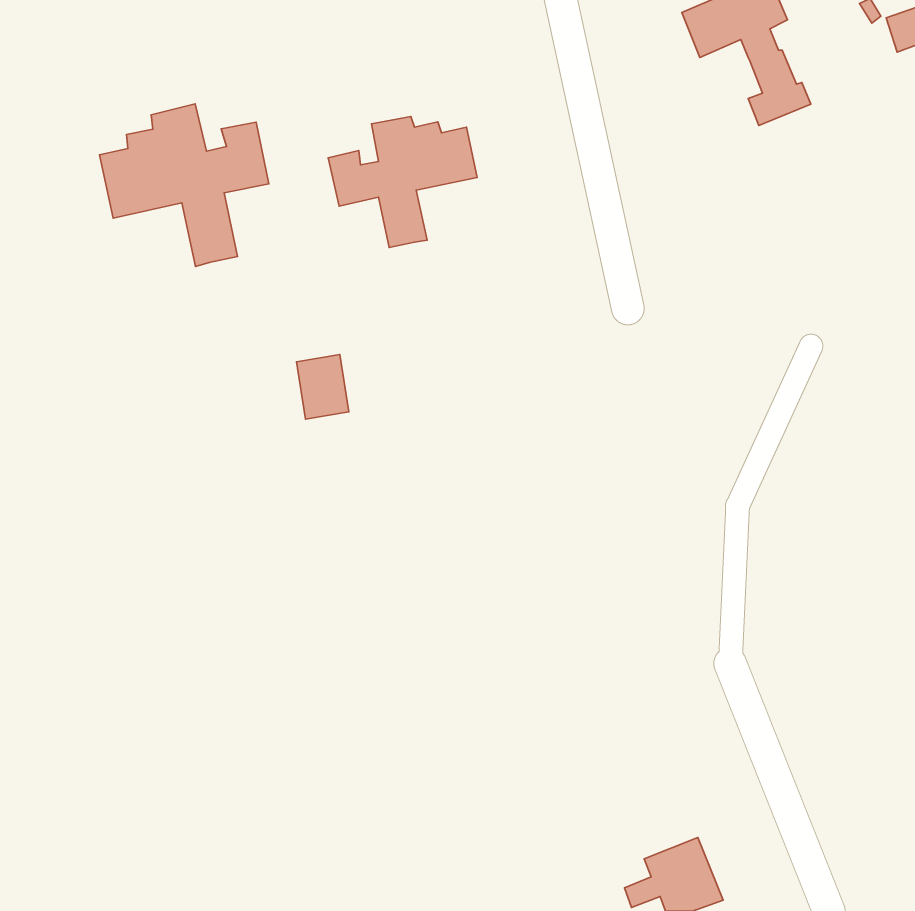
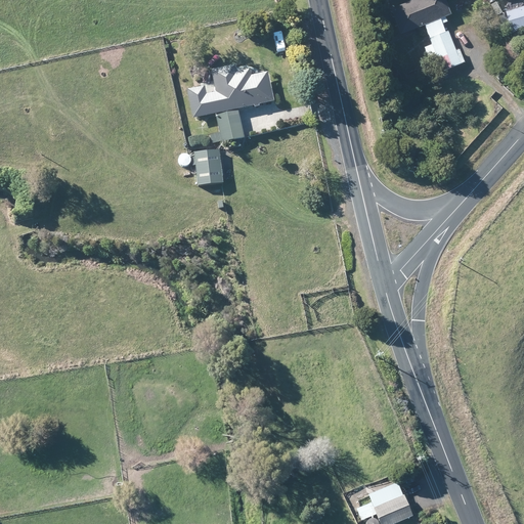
building: [100,104,269,267] -> none
building: [297,355,349,419] -> [194,148,224,185]

